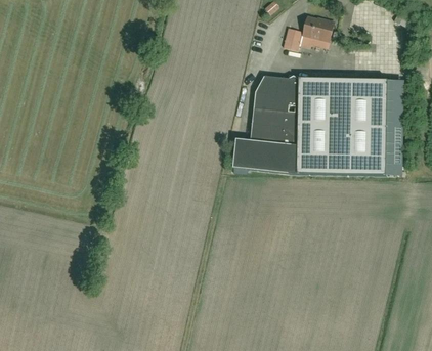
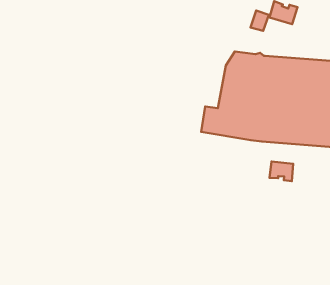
building: none -> [269,161,293,181]

